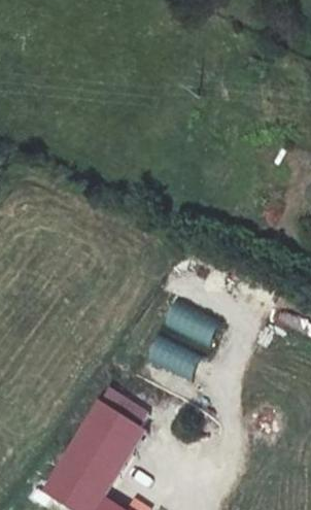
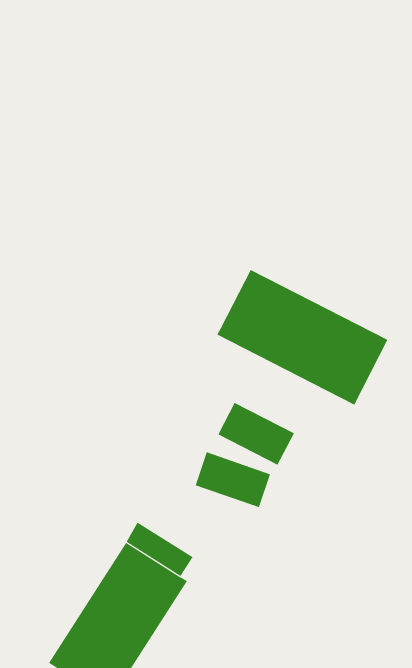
building: none -> [217,269,388,405]

